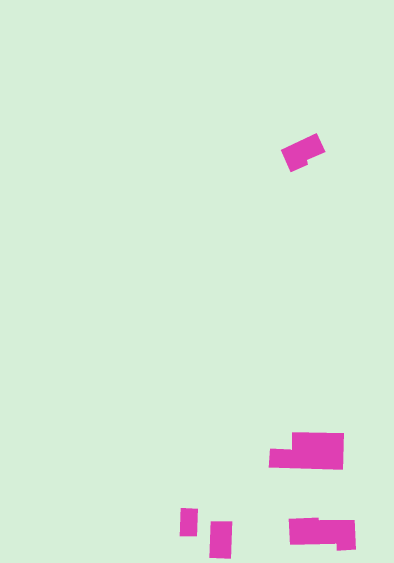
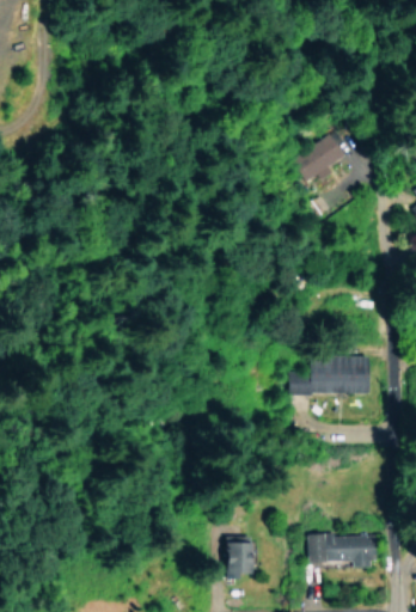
building: [268,432,345,470] -> [292,355,371,394]
building: [179,507,198,537] -> none

